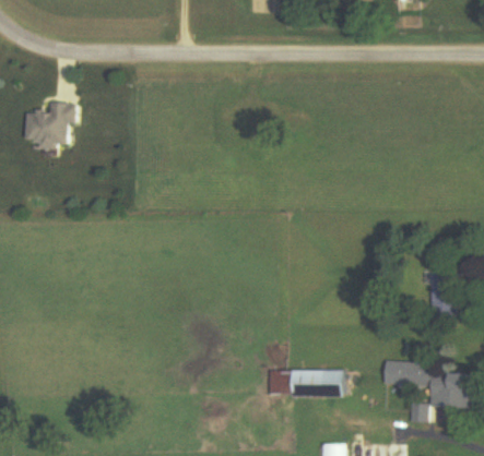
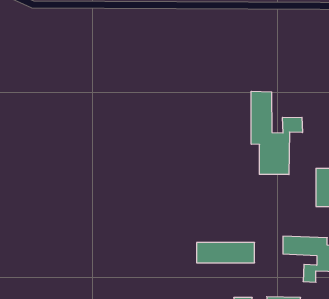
building: [27,101,78,146] -> none
building: none -> [251,91,302,175]

